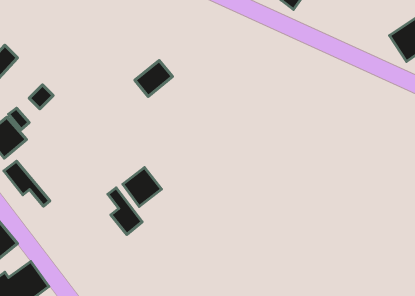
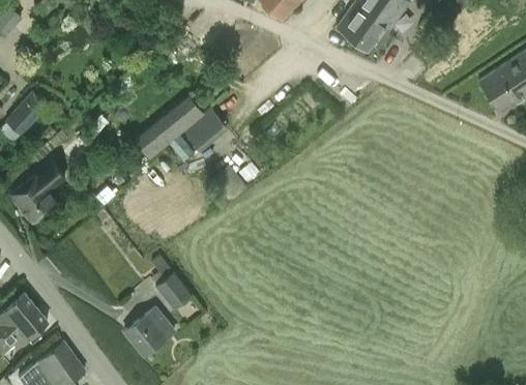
building: none -> [134,95,204,158]
building: [4,161,50,206] -> none
building: [123,168,162,206] -> none
building: none -> [124,309,173,357]

